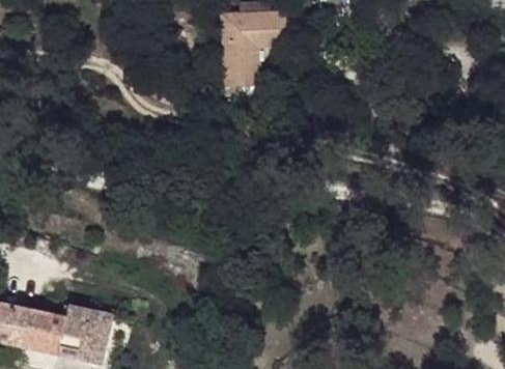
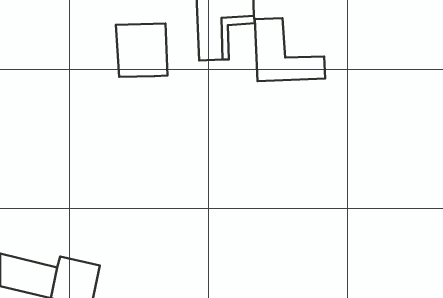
building: none -> [255,18,325,81]
building: none -> [116,24,168,77]

